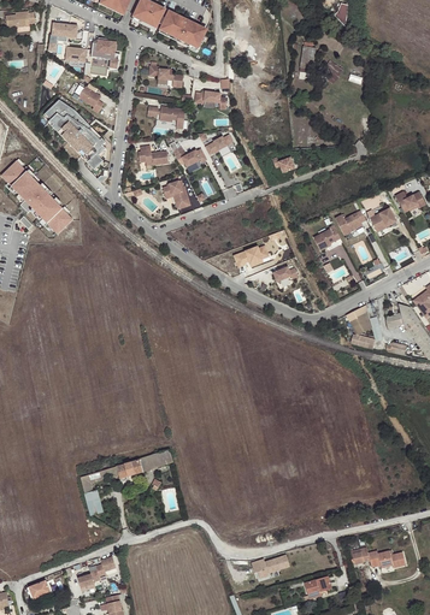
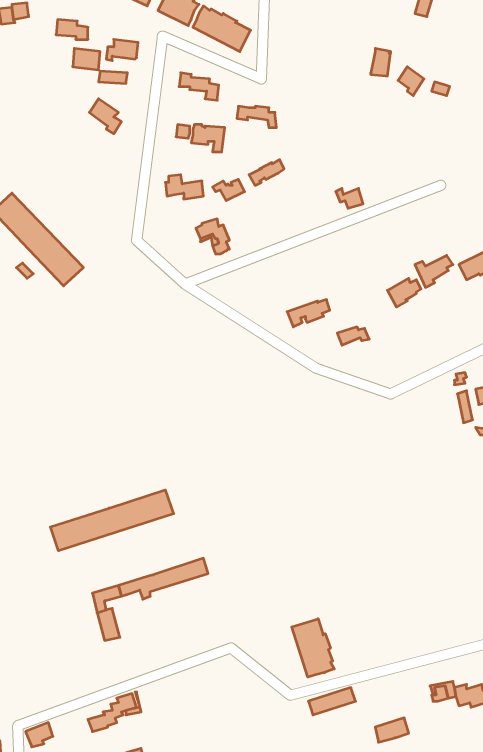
building: [46,100,106,170] -> none
building: none -> [50,490,174,551]
building: none -> [292,619,334,677]

